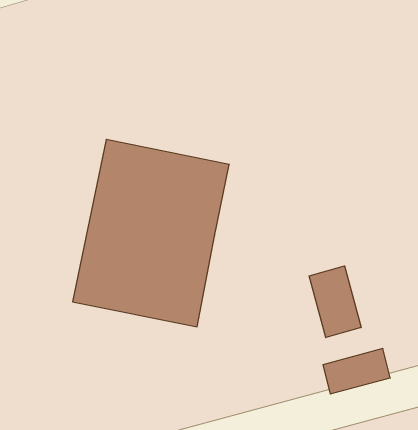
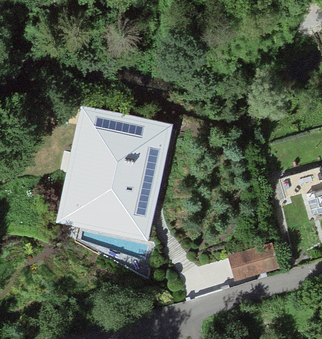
building: [309,266,361,338] -> none

